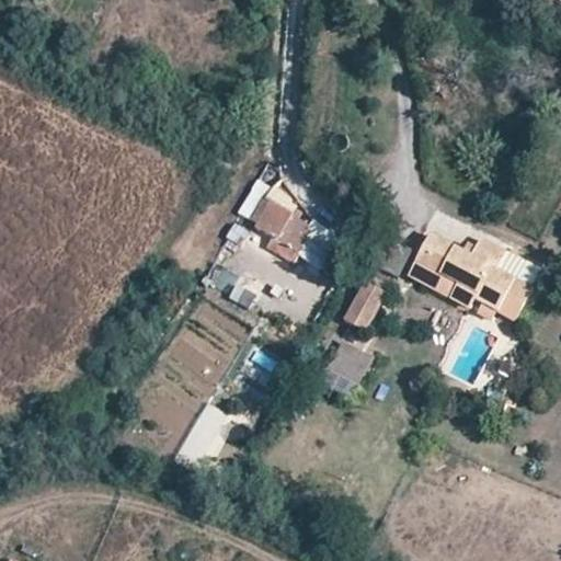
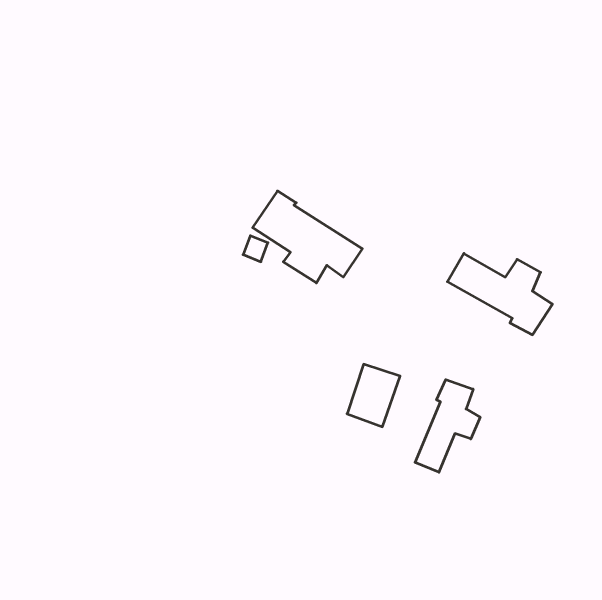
building: [343,275,387,329] -> none
building: none -> [415,380,480,472]

